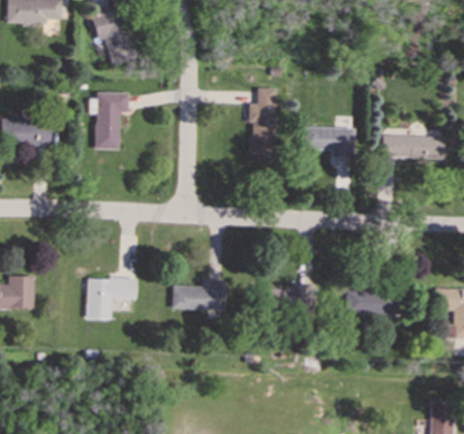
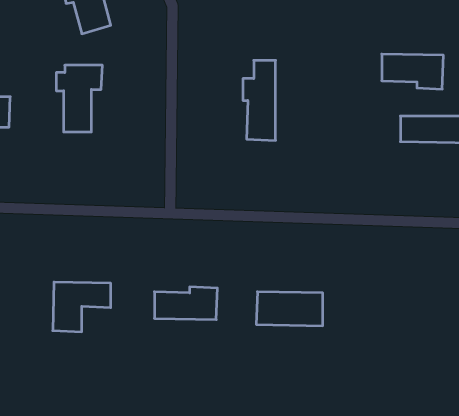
building: [302,127,354,157] -> [382,54,443,89]
building: [345,291,396,315] -> none

